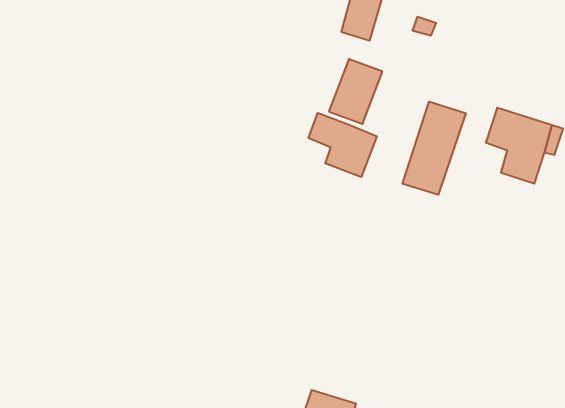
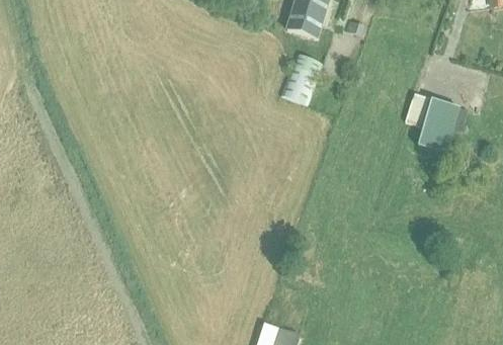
building: [403,102,466,195] -> none
building: [309,113,377,177] -> none

